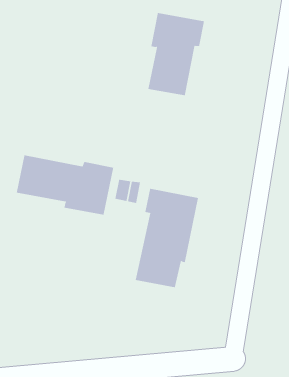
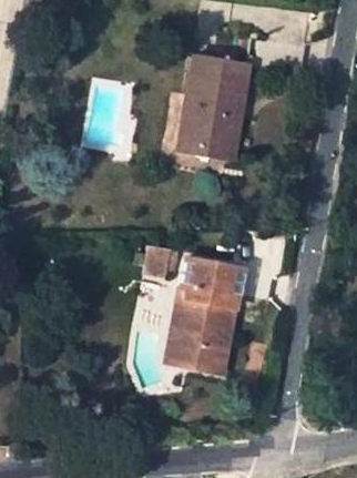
building: [16,155,114,216] -> none

